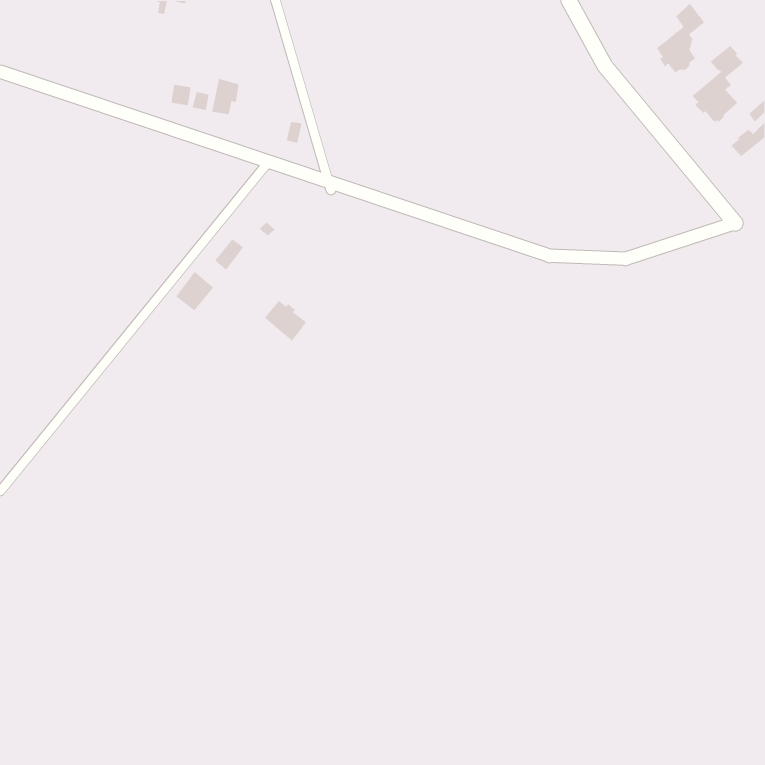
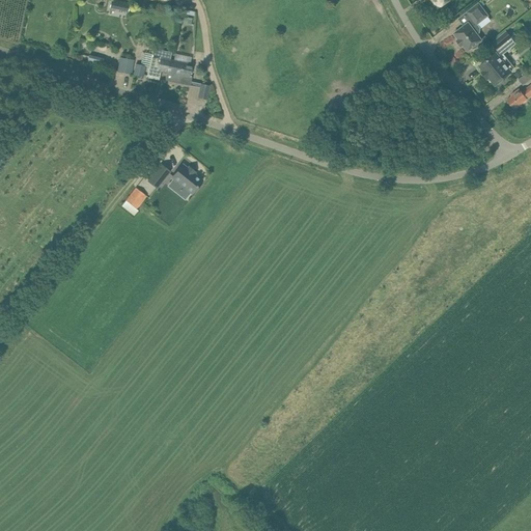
building: none -> [164,58,192,85]
building: [264,300,307,342] -> [172,165,202,194]

